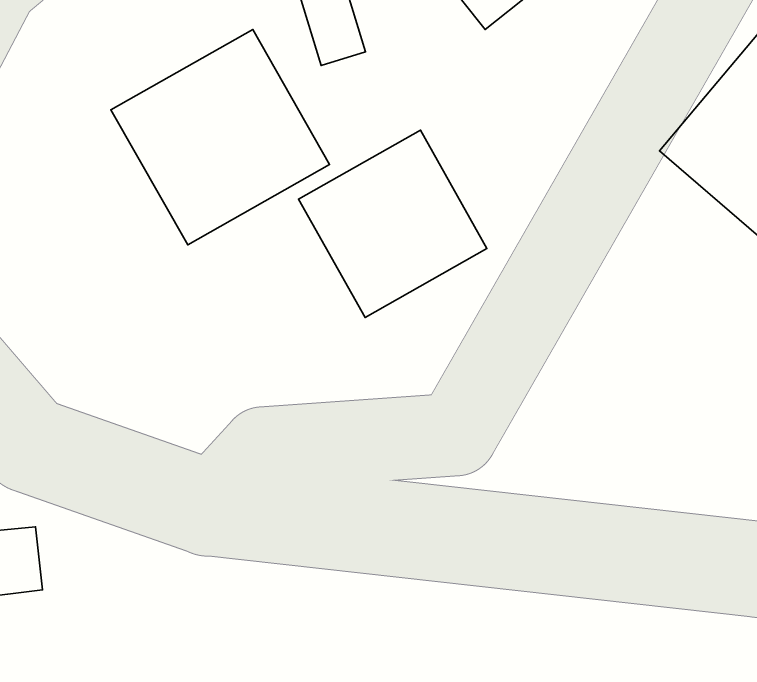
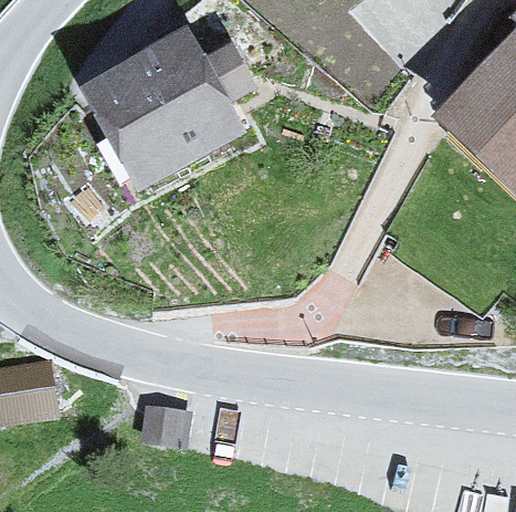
building: [299,130,487,317] -> none

